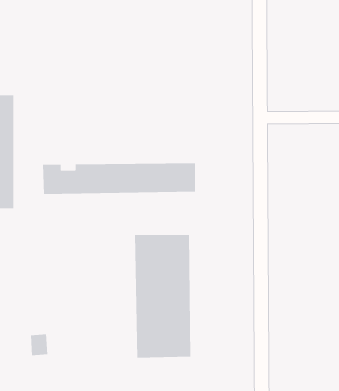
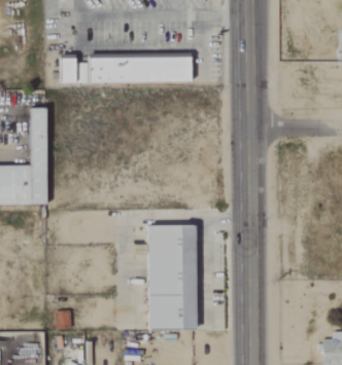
building: [42,163,196,194] -> [60,57,191,83]

